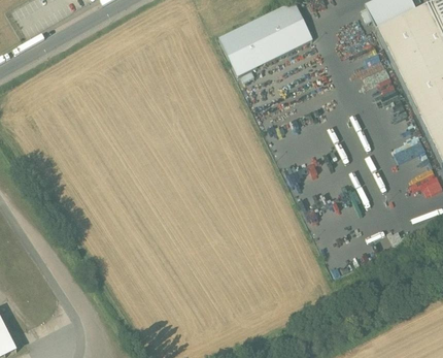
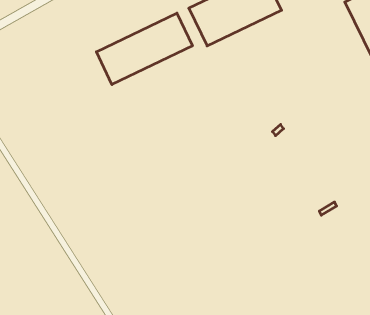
building: none -> [96,13,192,85]

